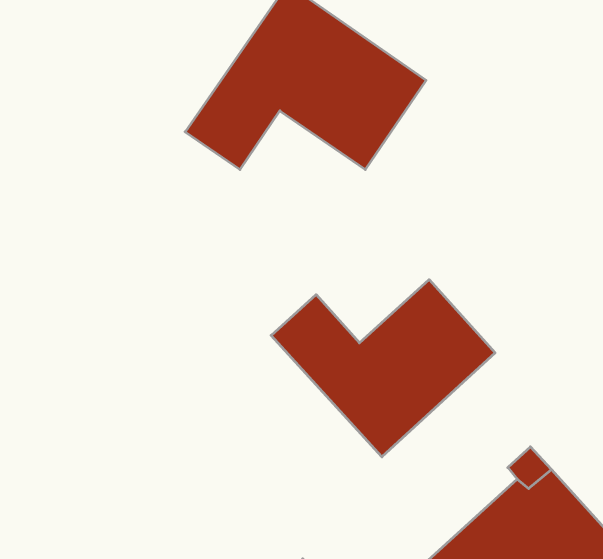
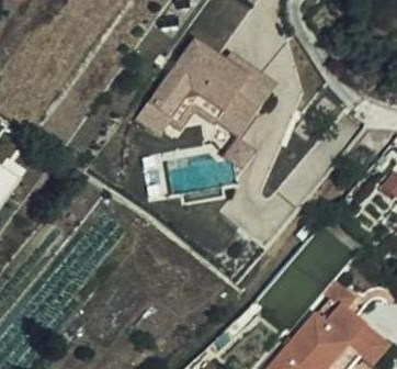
building: [271,280,495,457] -> none

